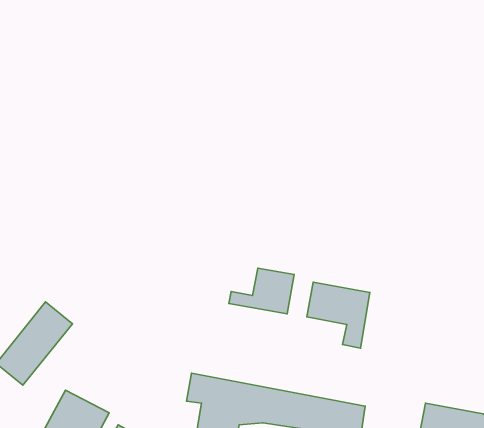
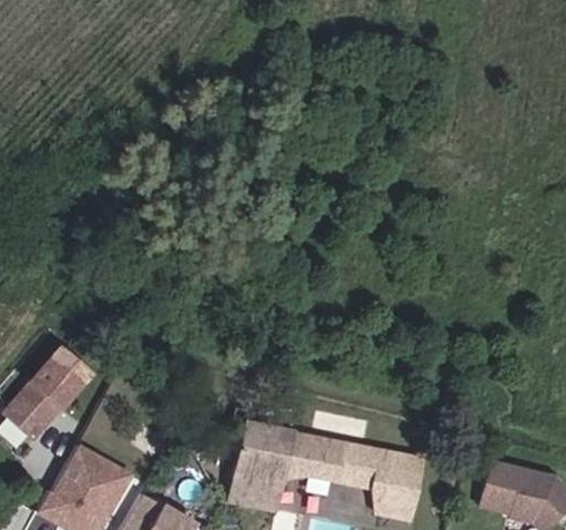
building: [229,268,294,314] -> none
building: [307,282,370,348] -> none

